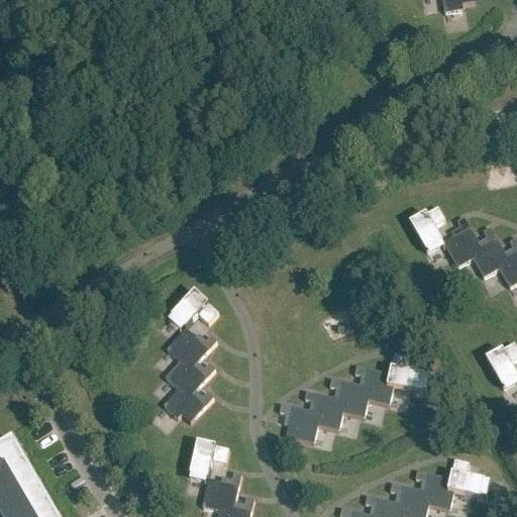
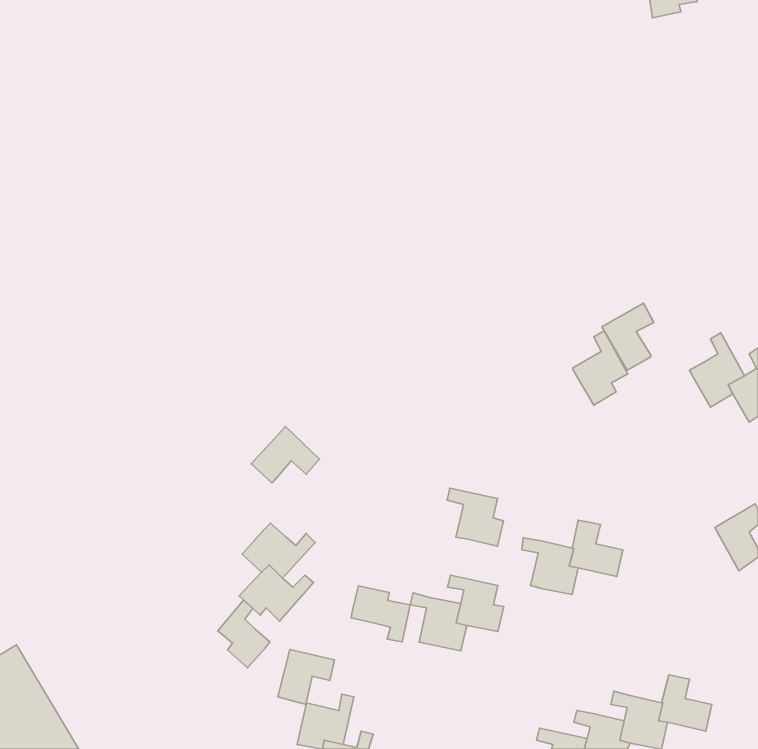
building: [442,216,480,267] -> [573,331,628,405]
building: [166,327,216,365] -> none
building: [329,378,368,417] -> [447,488,503,546]
building: none -> [351,586,410,642]
building: none -> [218,600,270,668]

